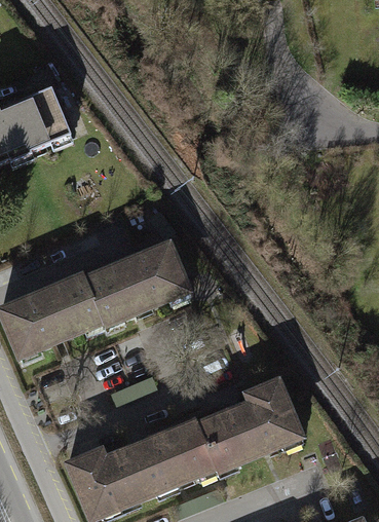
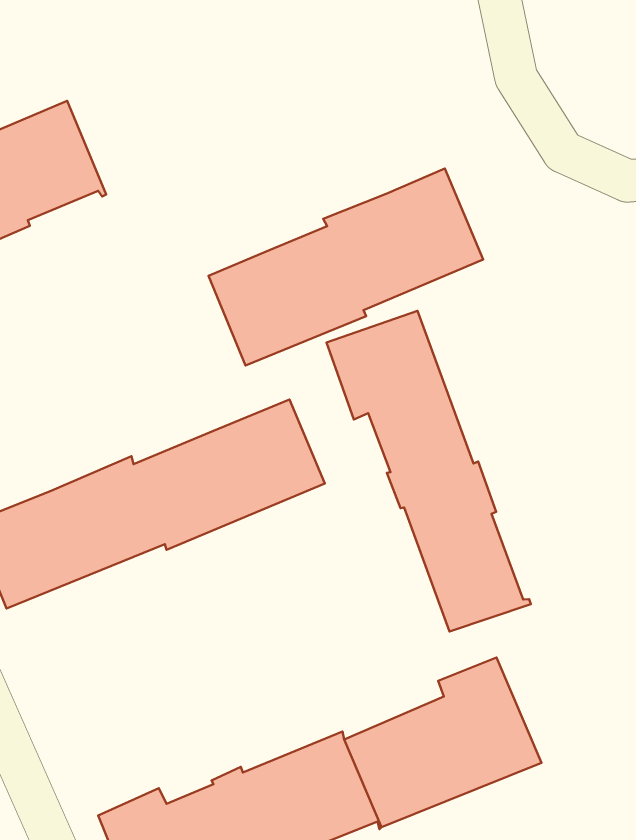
building: none -> [209,168,483,365]
building: none -> [327,311,531,632]

